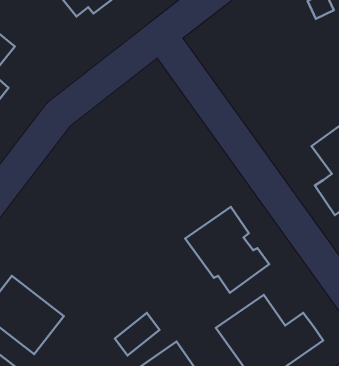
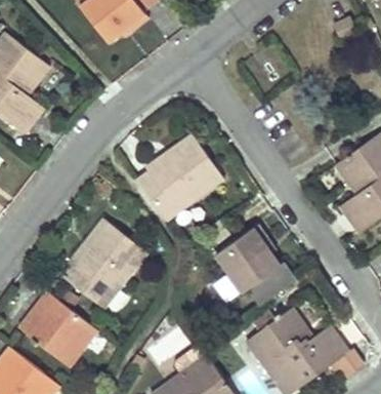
building: none -> [134,129,224,218]
building: none -> [65,219,147,308]

